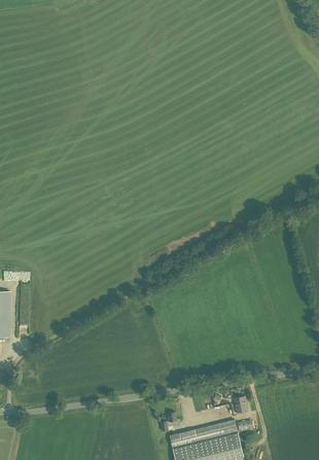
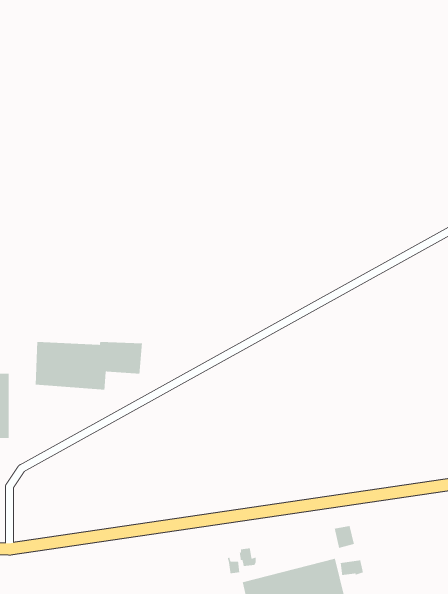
building: none -> [35,341,143,390]

